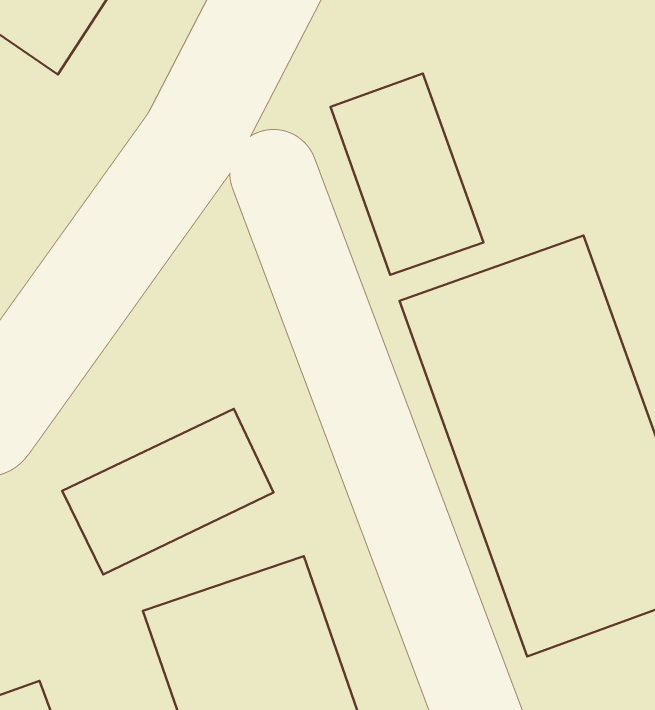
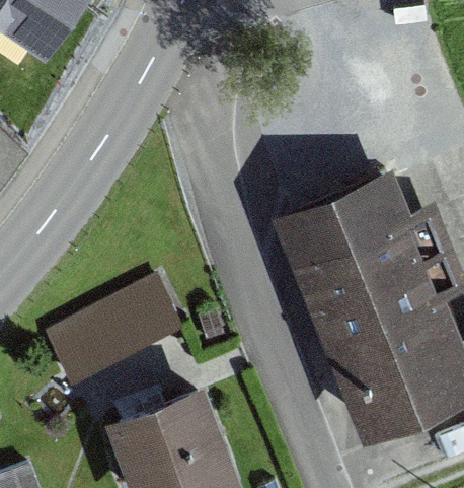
building: [330,73,483,275] -> none

